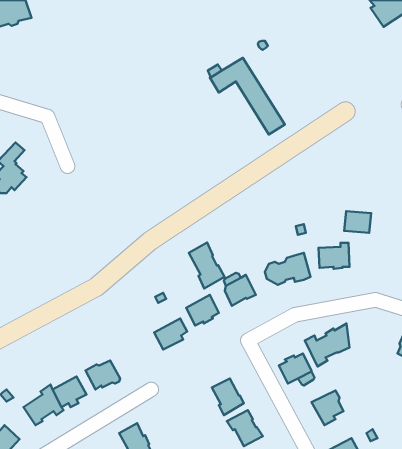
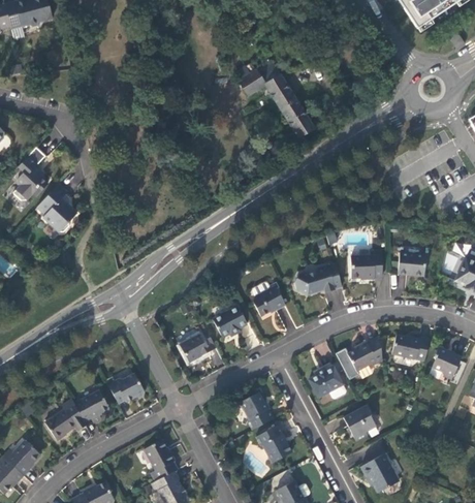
building: none -> [37,184,77,232]
building: [344,211,371,233] -> [398,253,425,276]
building: [189,242,224,288] -> none
building: none -> [391,335,430,361]

